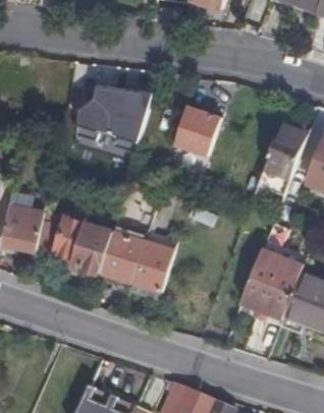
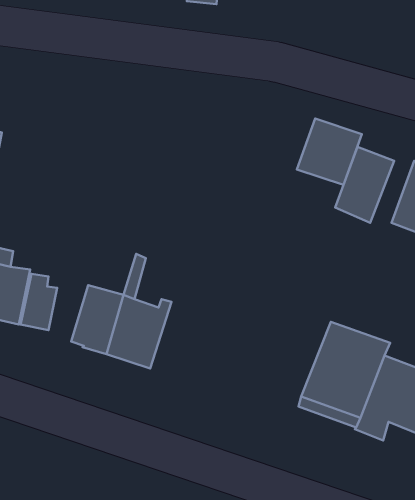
building: [71,85,151,153] -> none
building: [173,104,220,152] -> [297,119,362,185]
building: [129,233,172,290] -> none

